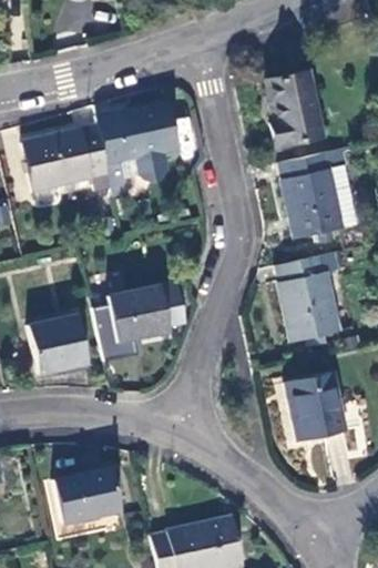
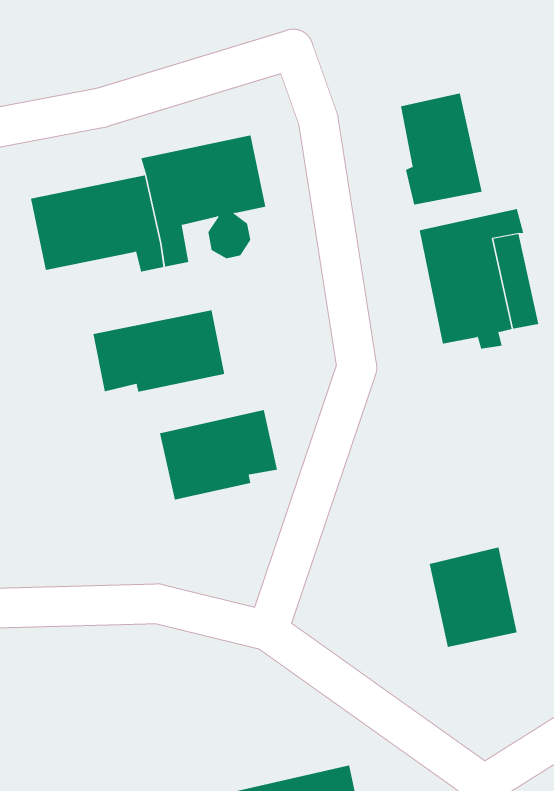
building: none -> [93,309,225,393]
building: [275,251,345,343] -> none
building: [28,315,86,374] -> none
building: [52,467,119,524] -> none

